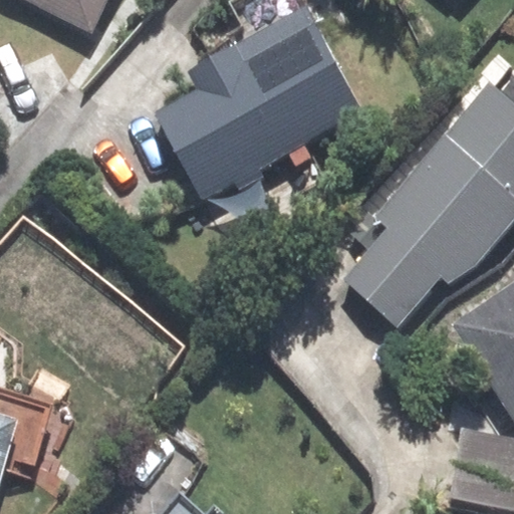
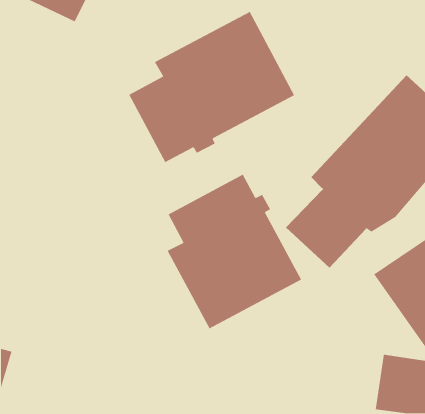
building: none -> [166,174,302,330]

